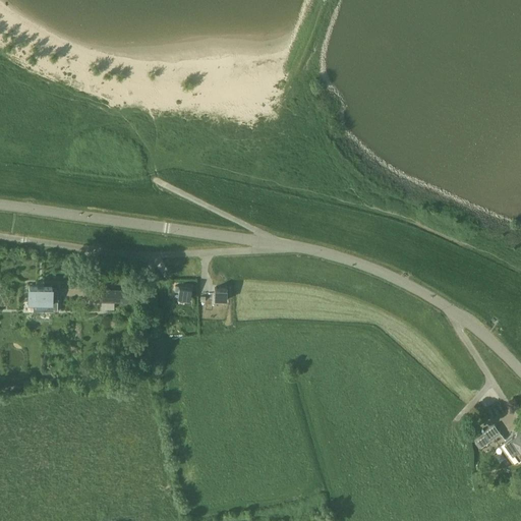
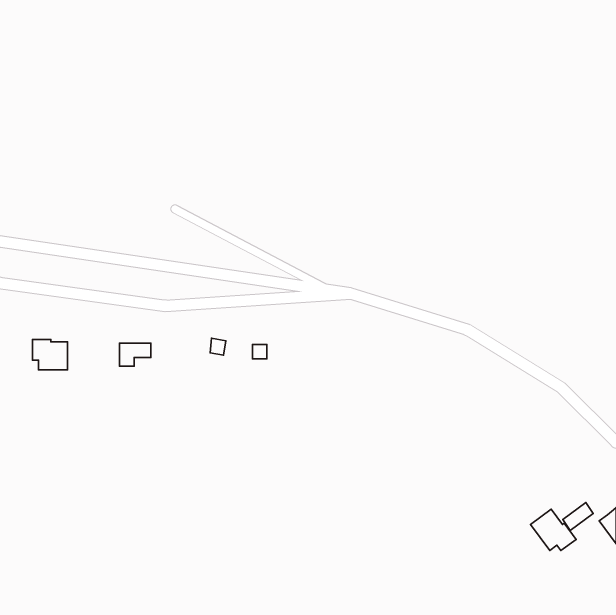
building: none -> [531,509,576,551]

